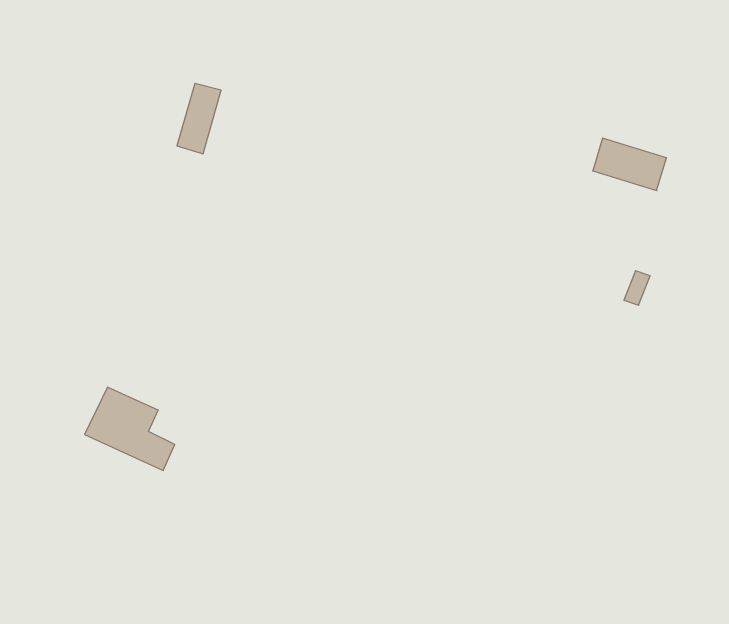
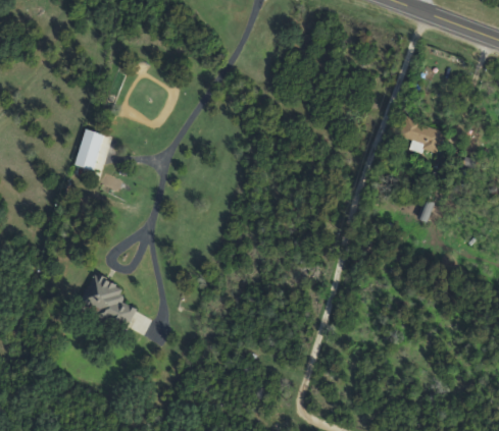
building: [177,83,221,154] -> [76,128,103,172]

